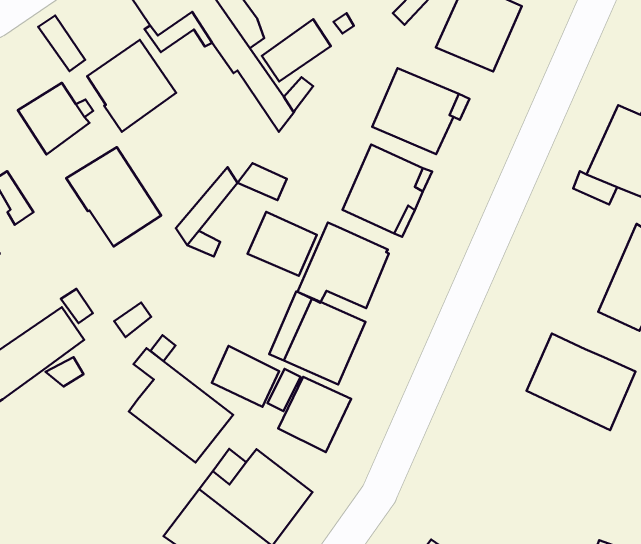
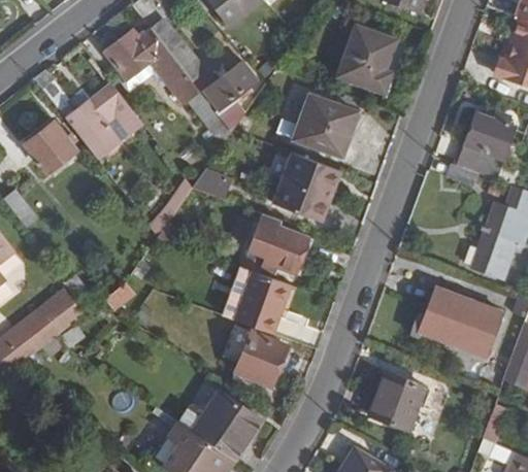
building: [66,147,161,246] -> none
building: [247,212,317,276] -> none
building: [212,346,279,407] -> none
building: [129,348,233,463] -> none
building: none -> [368,371,425,431]

